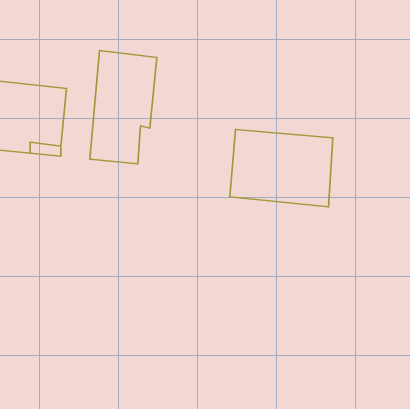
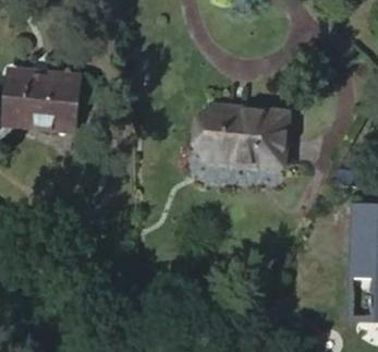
building: [90,51,157,164] -> none

